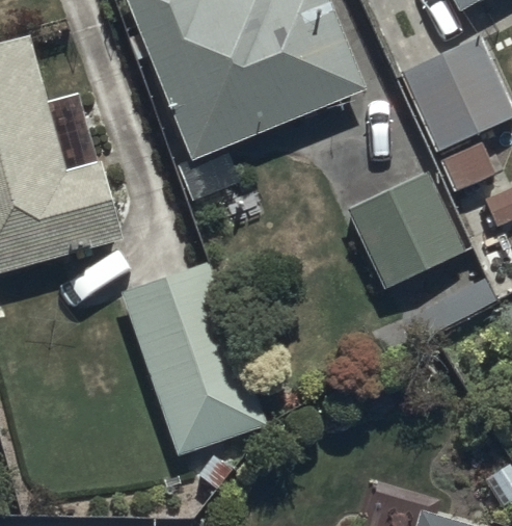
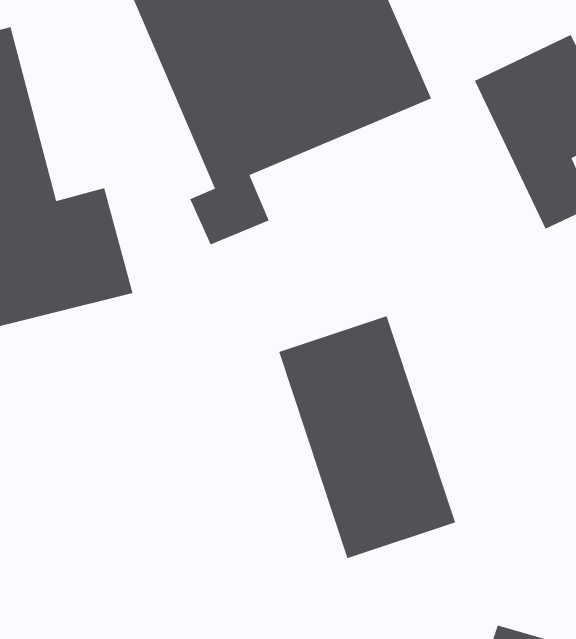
building: [339,168,464,291] -> none
building: [120,262,263,457] -> [278,315,456,559]

